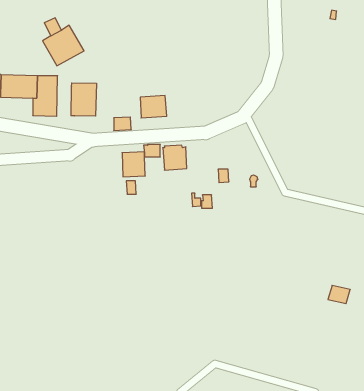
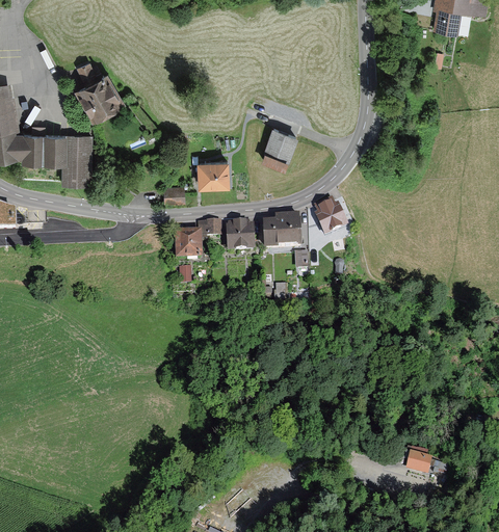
building: none -> [261,128,298,170]
building: [71,83,96,116] -> none
building: none -> [313,197,348,238]
building: none -> [262,215,301,250]
building: [328,285,350,304] -> [404,453,432,476]

